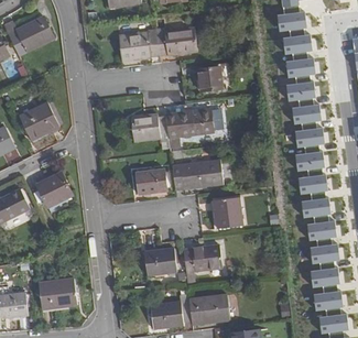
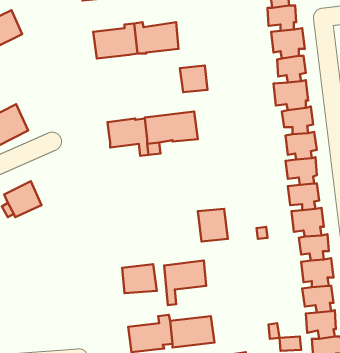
building: [171,160,223,189] -> none
building: [137,168,165,193] -> none
building: [37,277,76,308] -> none

